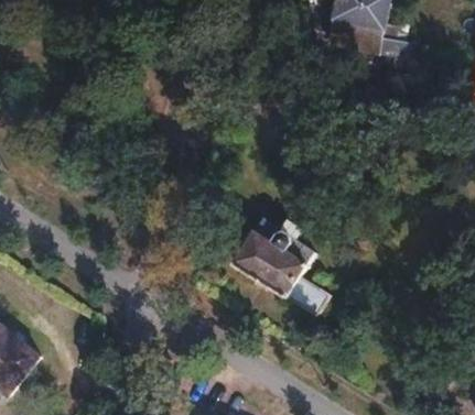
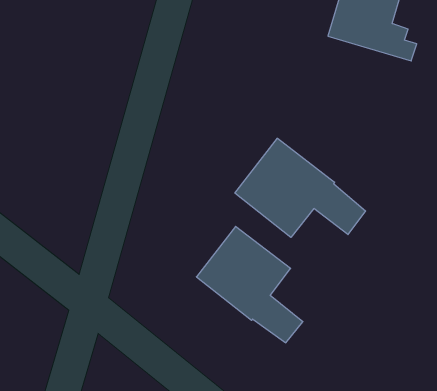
building: none -> [235,138,366,237]

